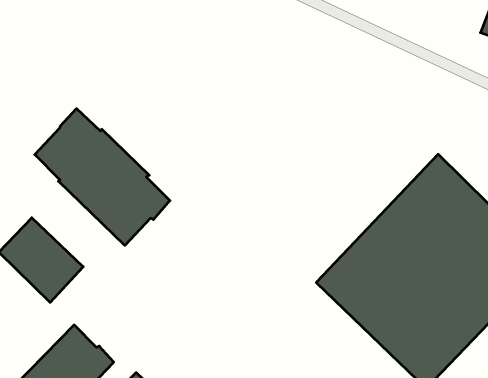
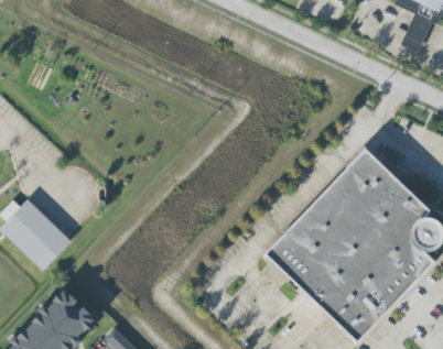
building: [35,109,170,245] -> none

